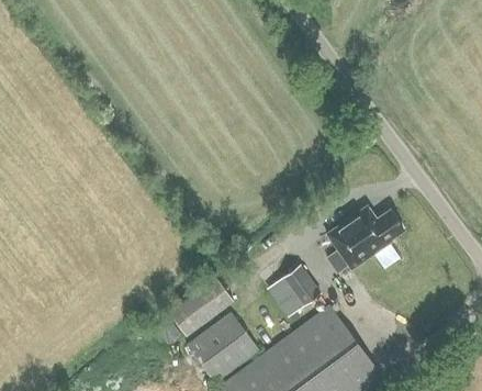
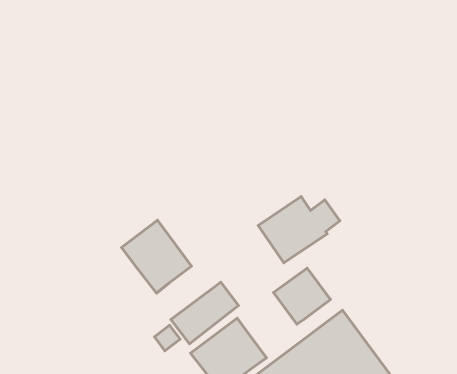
building: [325,206,402,269] -> [258,196,340,263]
building: none -> [121,220,192,293]

